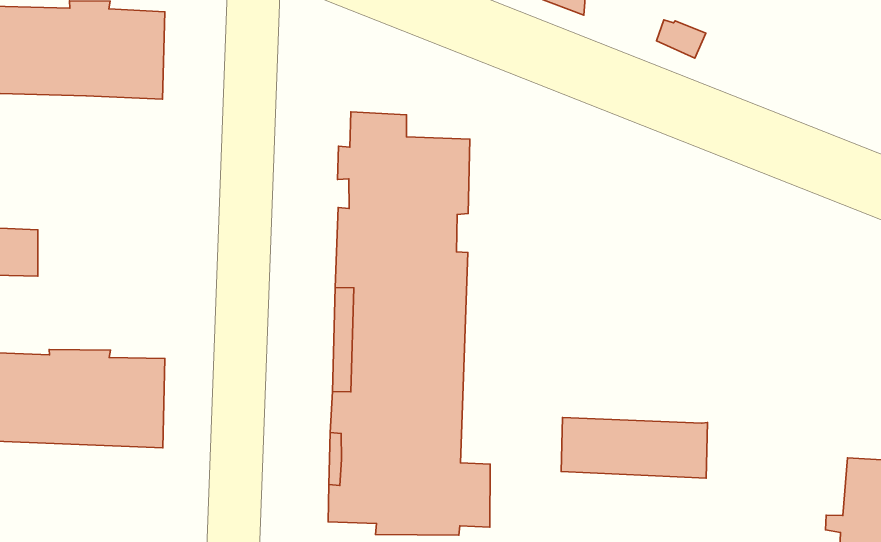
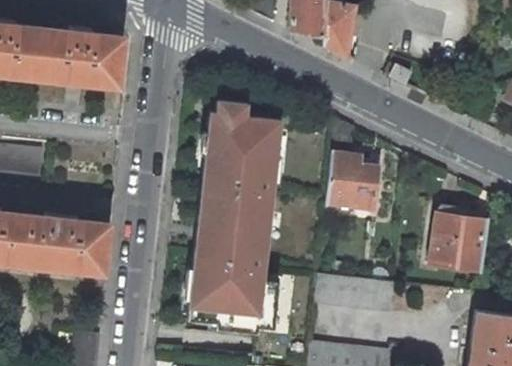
building: none -> [327,119,379,210]
building: none -> [431,209,489,271]

